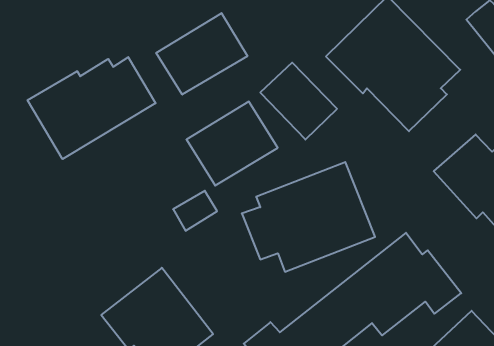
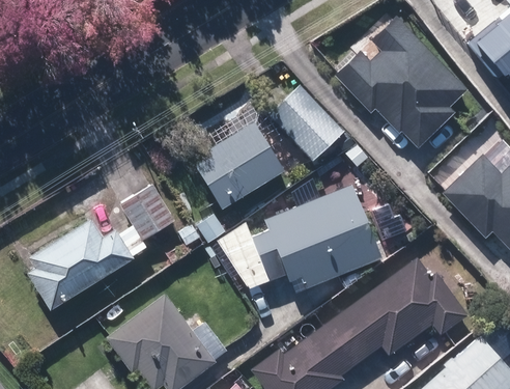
building: [156,13,247,95] -> none
building: [28,57,156,159] -> none
building: none -> [119,185,176,243]
building: none -> [25,219,134,310]

